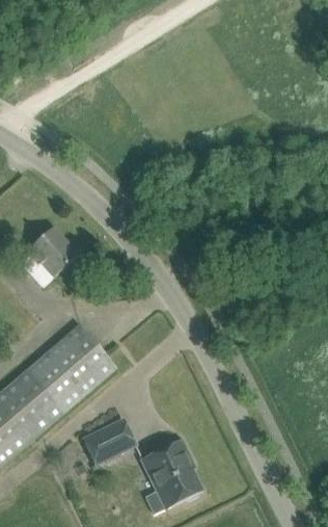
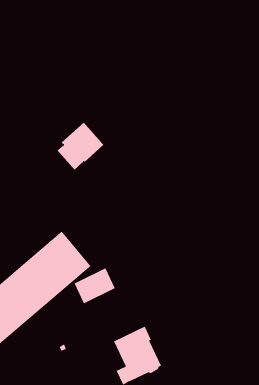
building: [20,226,78,285] -> [57,122,104,170]
building: [84,418,136,464] -> [73,267,116,305]

